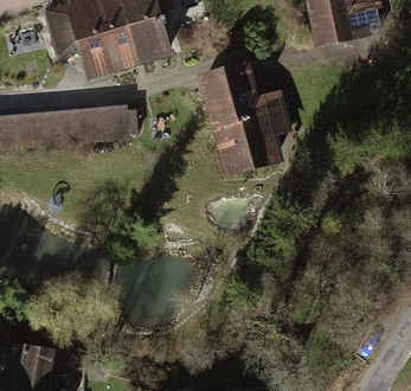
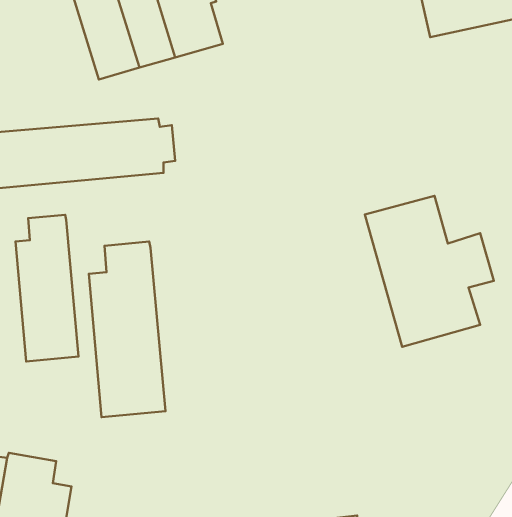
building: [199,70,289,175] -> [365,196,494,347]
building: none -> [16,215,79,361]
building: none -> [89,242,165,417]

